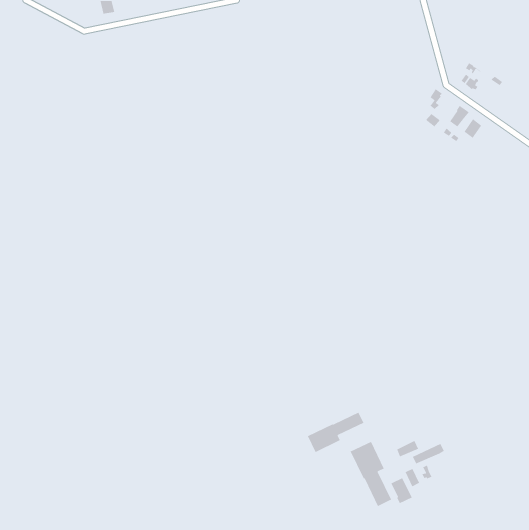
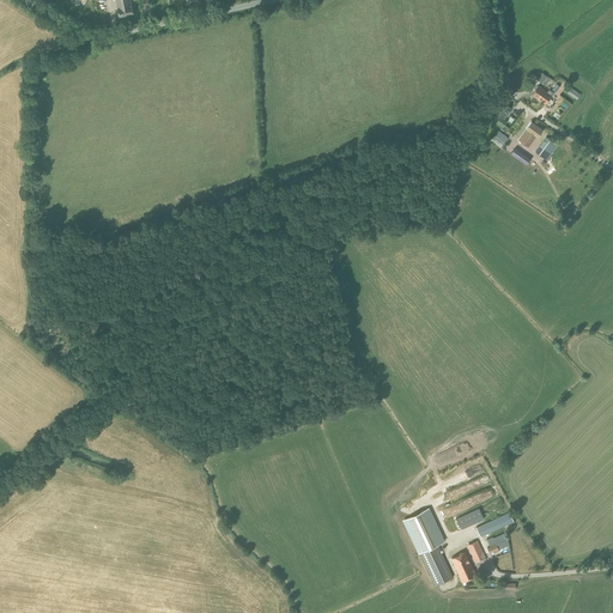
building: [307,411,364,453] -> none

